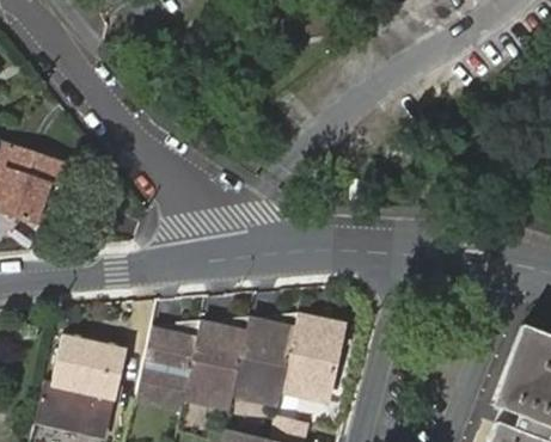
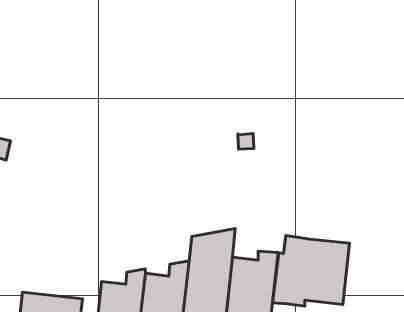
building: none -> [272,236,350,306]

